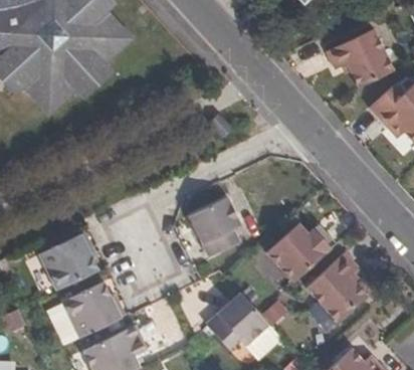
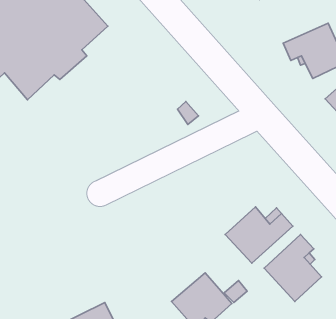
building: [190,195,242,255] -> none
building: [39,232,100,290] -> none
building: [62,282,123,337] -> none

